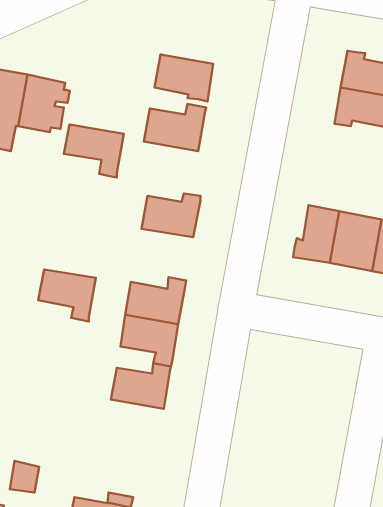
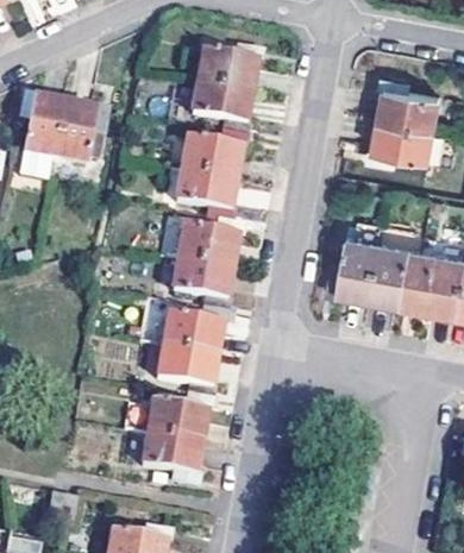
building: none -> [197,54,258,94]
building: [64,125,124,178] -> [175,172,236,226]
building: [38,270,96,321] -> [173,260,231,313]
building: none -> [142,433,201,486]

